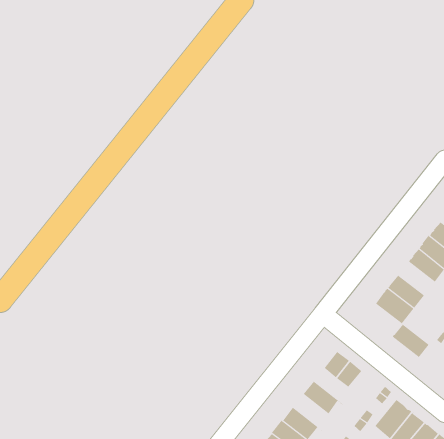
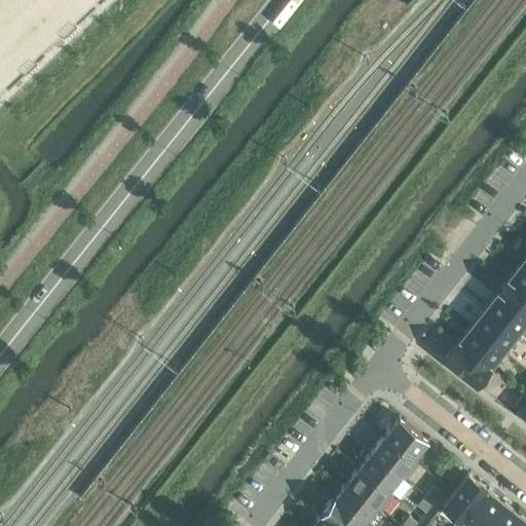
building: [392,324,429,358] -> [471,315,515,355]
building: none -> [371,441,418,484]
building: none -> [346,472,393,515]

